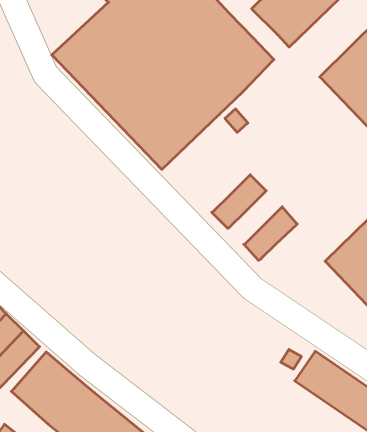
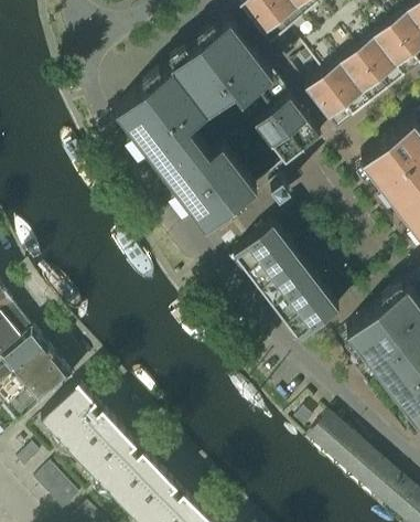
building: none -> [233,224,286,273]
building: none -> [259,258,312,306]
building: none -> [284,292,338,340]

